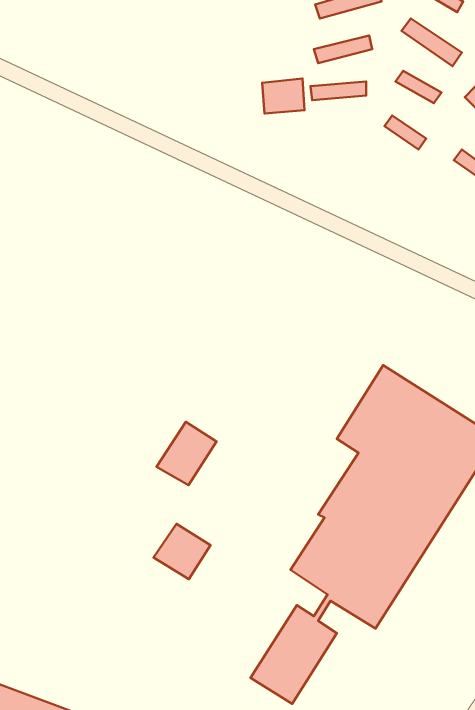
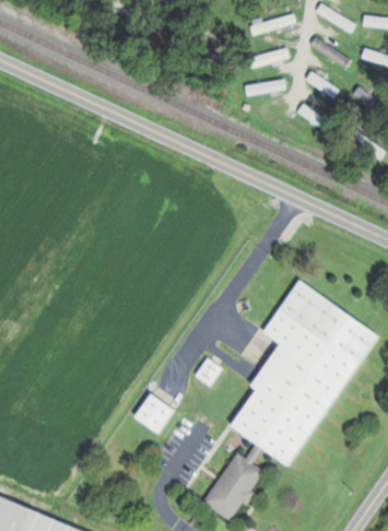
building: [262,78,304,113] -> none
building: [157,422,216,485] -> none

